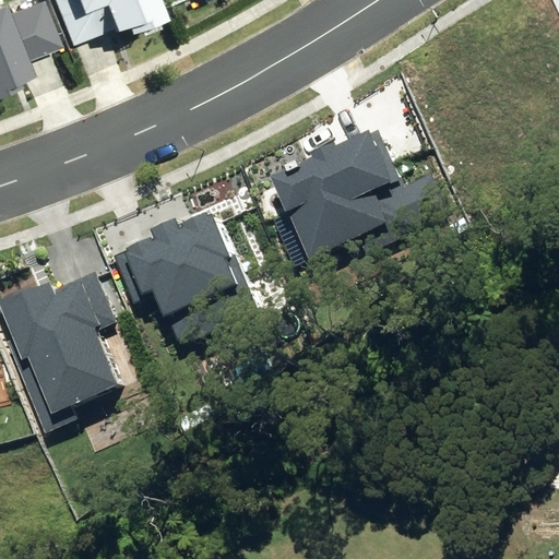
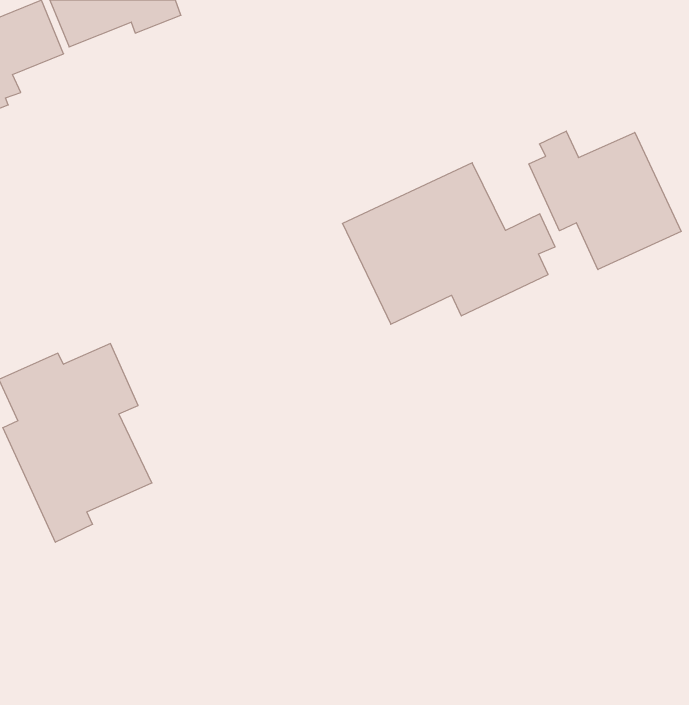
building: none -> [529,131,681,270]
building: [110,210,246,338] -> none

